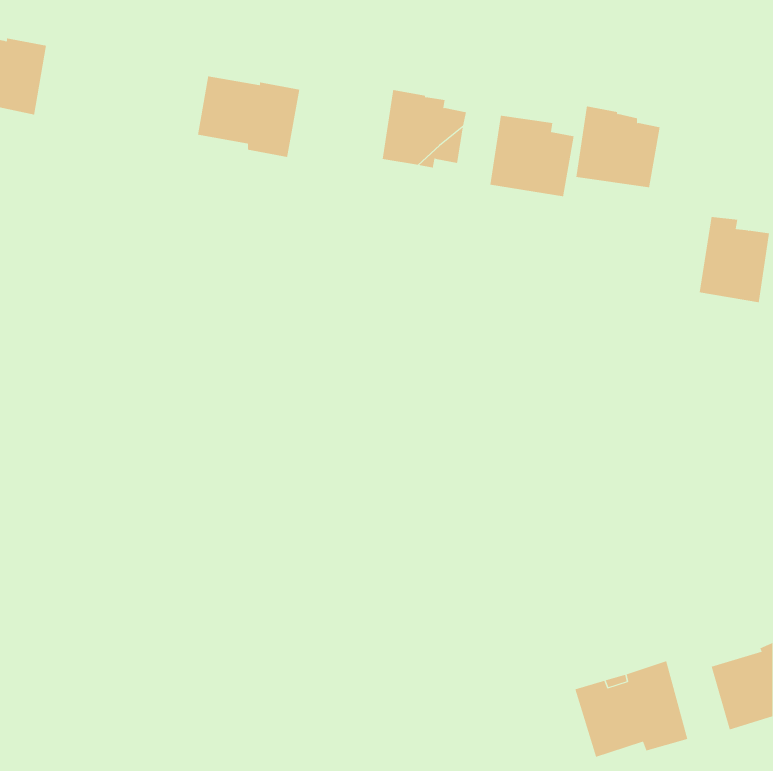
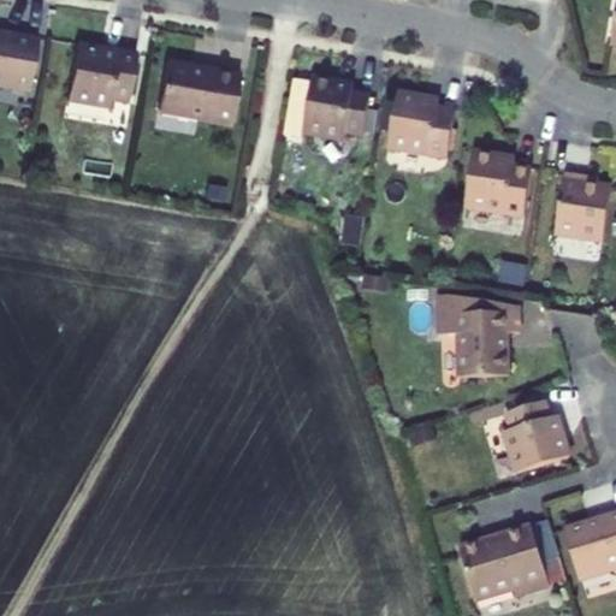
building: none -> [66,42,135,105]
building: [576,106,660,188] -> [464,150,532,215]
building: none -> [436,301,519,380]
building: none -> [503,401,569,472]

